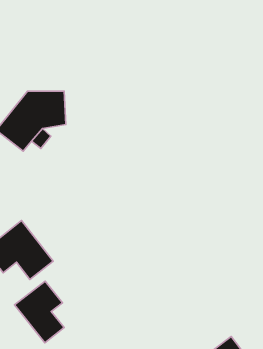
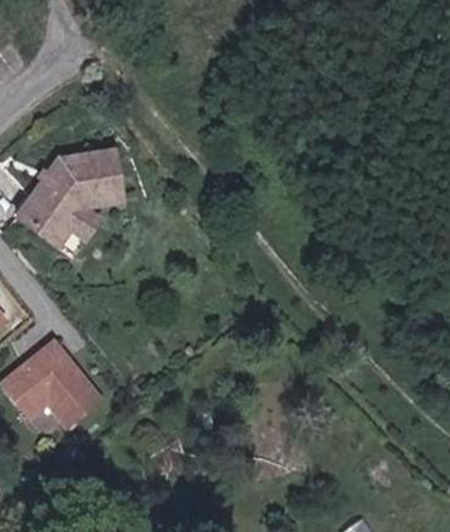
building: [15,281,64,343] -> none

